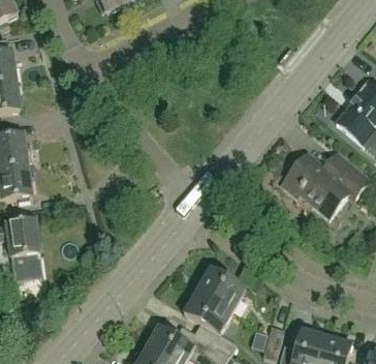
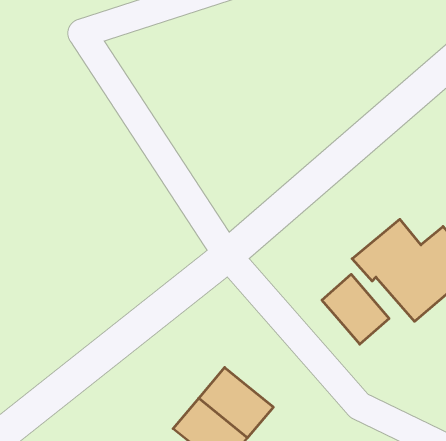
building: none -> [322,274,389,344]

